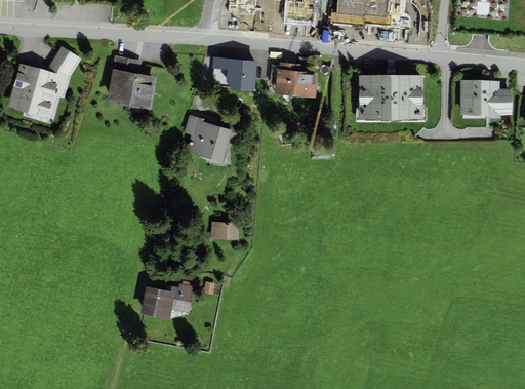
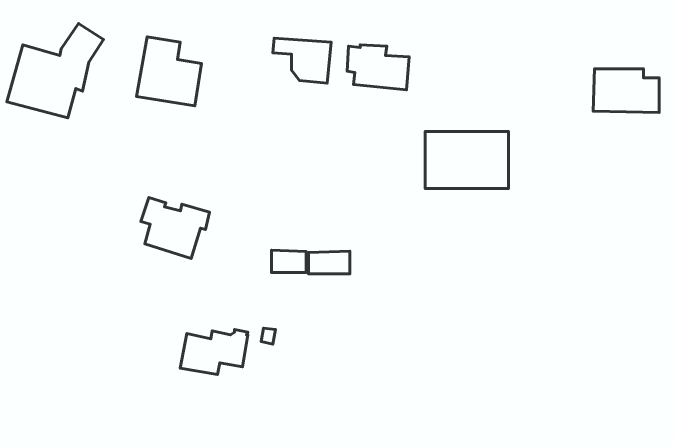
building: [359,74,423,118] -> [425,131,509,188]
building: [184,114,237,161] -> [141,198,210,259]
building: none -> [309,251,350,274]

